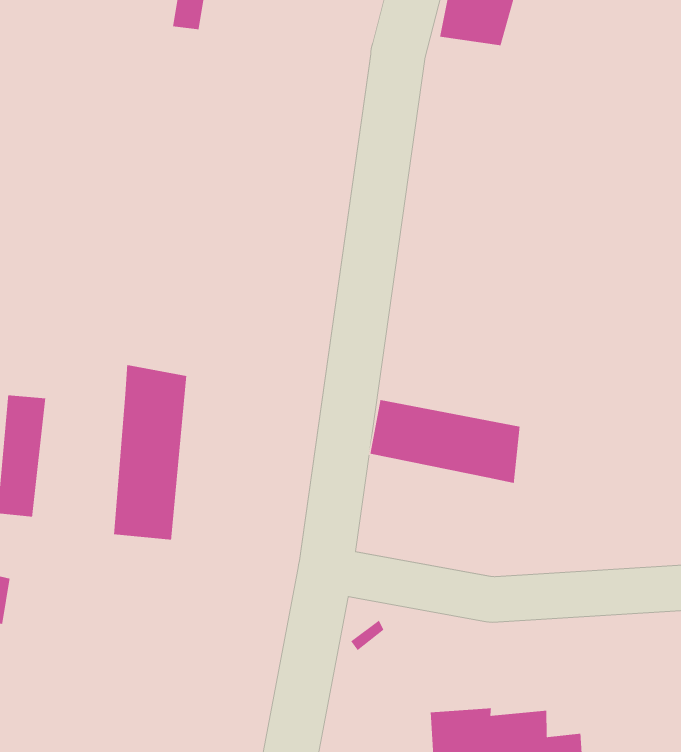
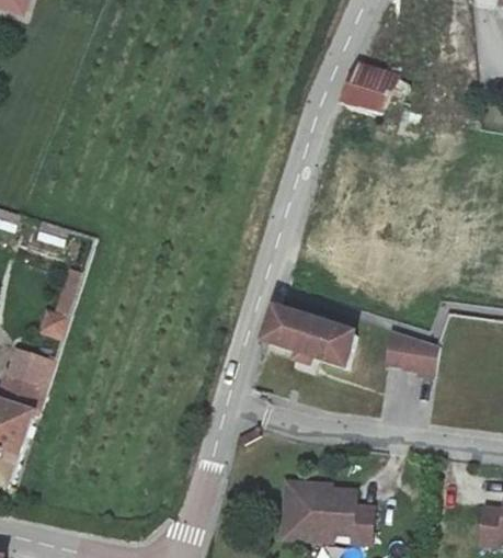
building: [113,364,187,540] -> none
building: none -> [389,329,438,372]

